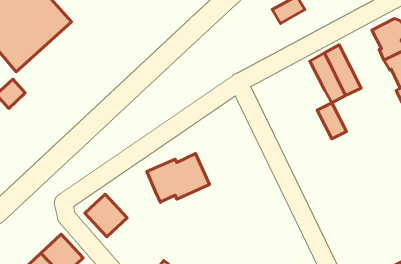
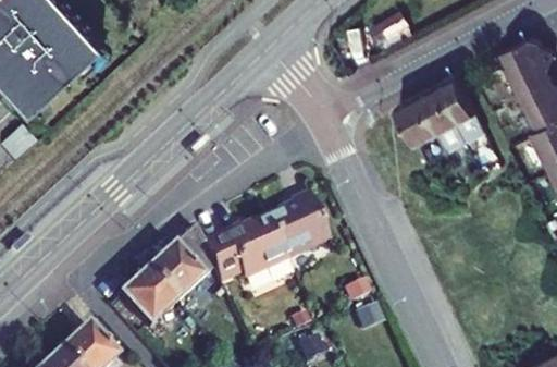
building: [317,103,346,139] -> [397,95,436,143]
building: none -> [264,195,325,259]
building: none -> [144,227,211,304]

